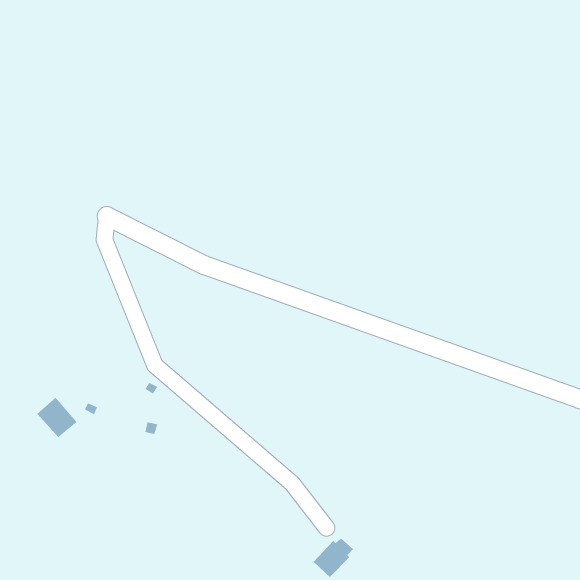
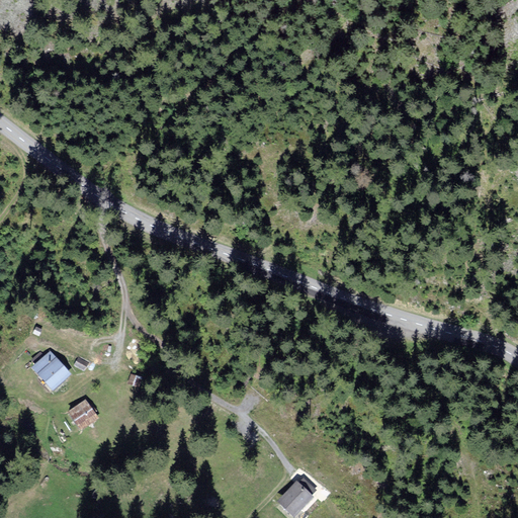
building: none -> [69,399,97,427]

